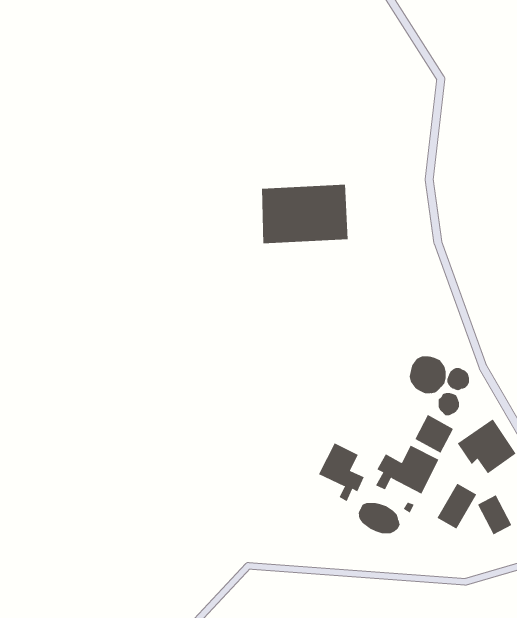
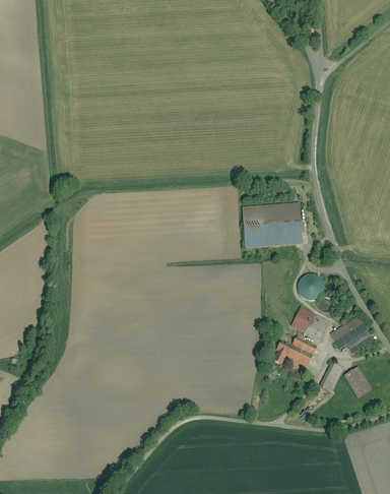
building: [261,184,349,244] -> [242,203,303,245]
building: [318,442,364,502] -> none
building: [358,502,400,534] -> none

